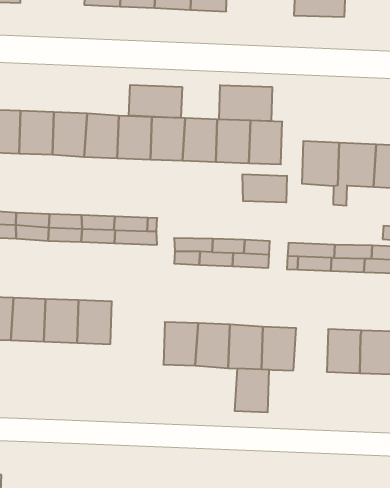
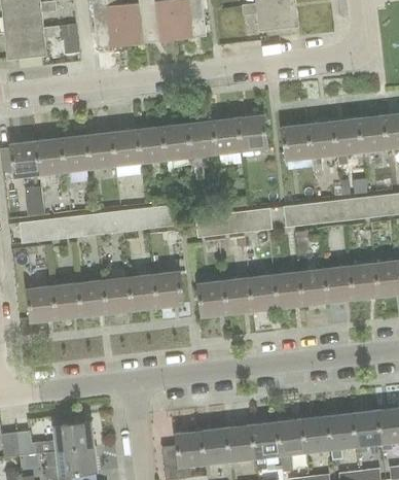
building: [129,85,182,118] -> none
building: [219,85,272,121] -> none
building: [243,174,287,203] -> none
building: none -> [154,271,183,307]
building: [235,369,269,412] -> [299,269,328,305]

